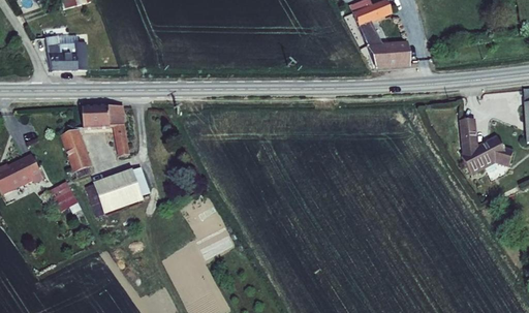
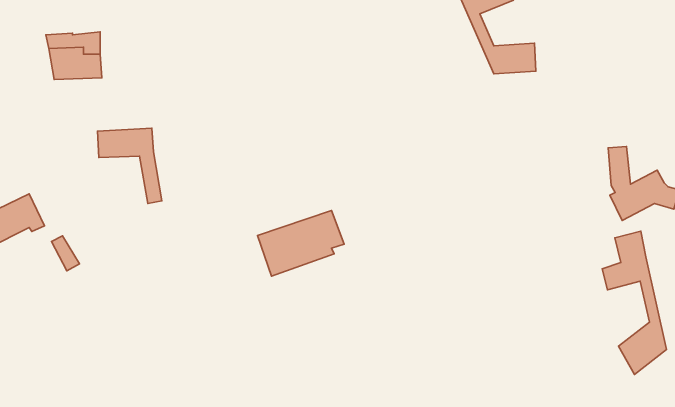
building: [62,129,91,176] -> none
building: [86,166,150,215] -> [257,211,344,276]
building: none -> [602,231,667,375]

